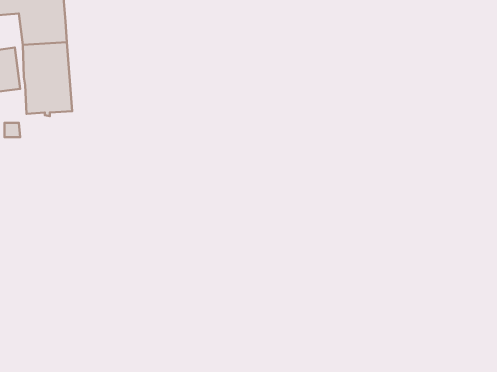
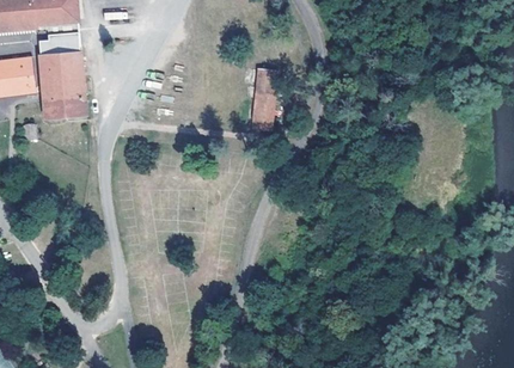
building: none -> [251,69,280,130]

